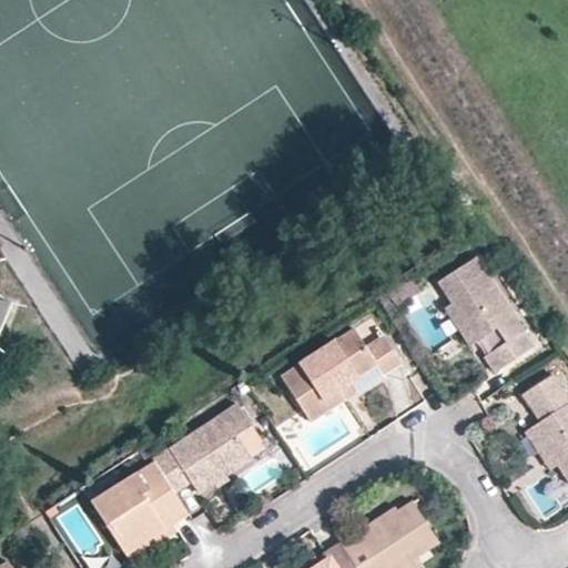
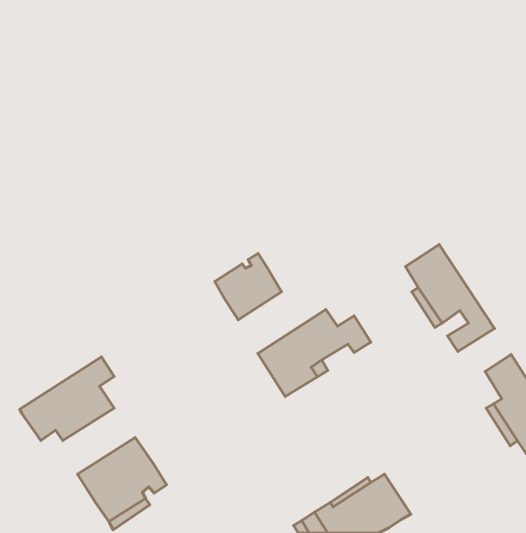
building: none -> [215,254,282,320]
building: [151,403,251,491] -> [20,357,114,441]

